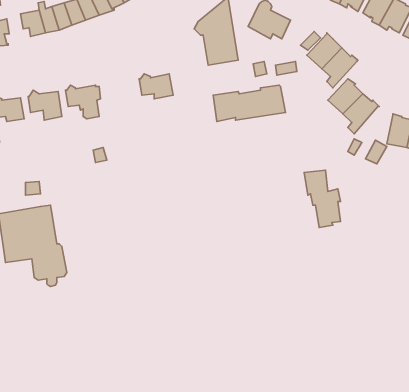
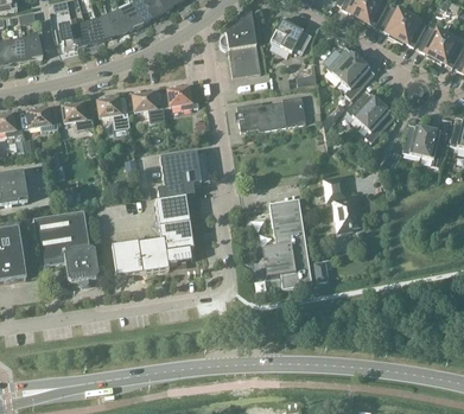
building: none -> [129,90,165,122]
building: none -> [112,149,210,276]
building: none -> [262,198,312,288]

